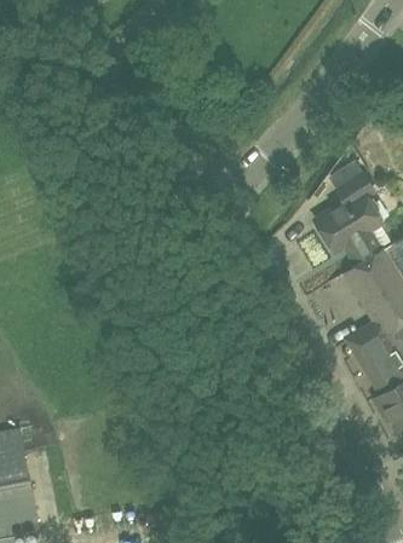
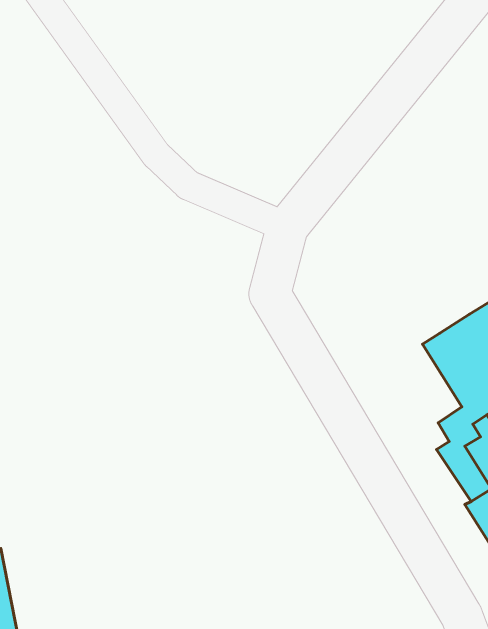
building: [315,173,381,265] -> none

